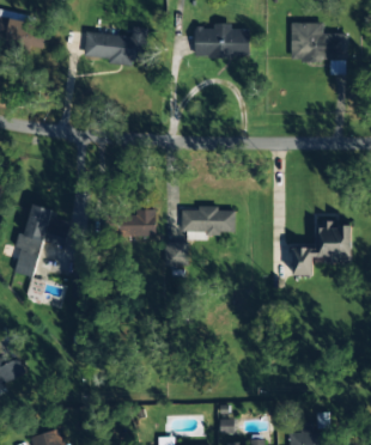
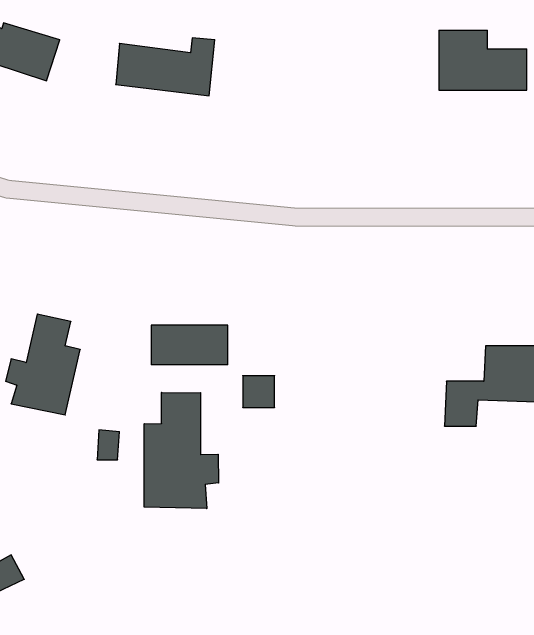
building: [195,25,251,57] -> none
building: [182,207,236,232] -> none
building: none -> [144,392,219,509]

